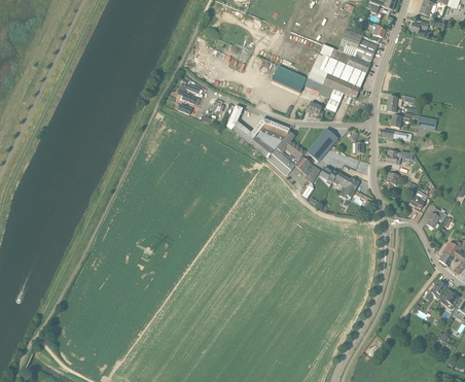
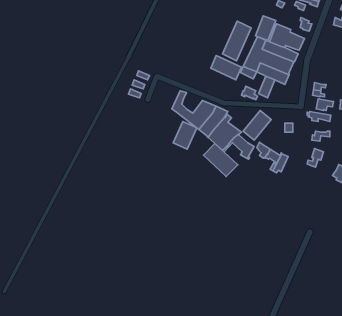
building: none -> [255,16,276,41]
building: none -> [223,21,251,61]
building: none -> [173,122,197,149]
building: none -> [203,144,238,176]

